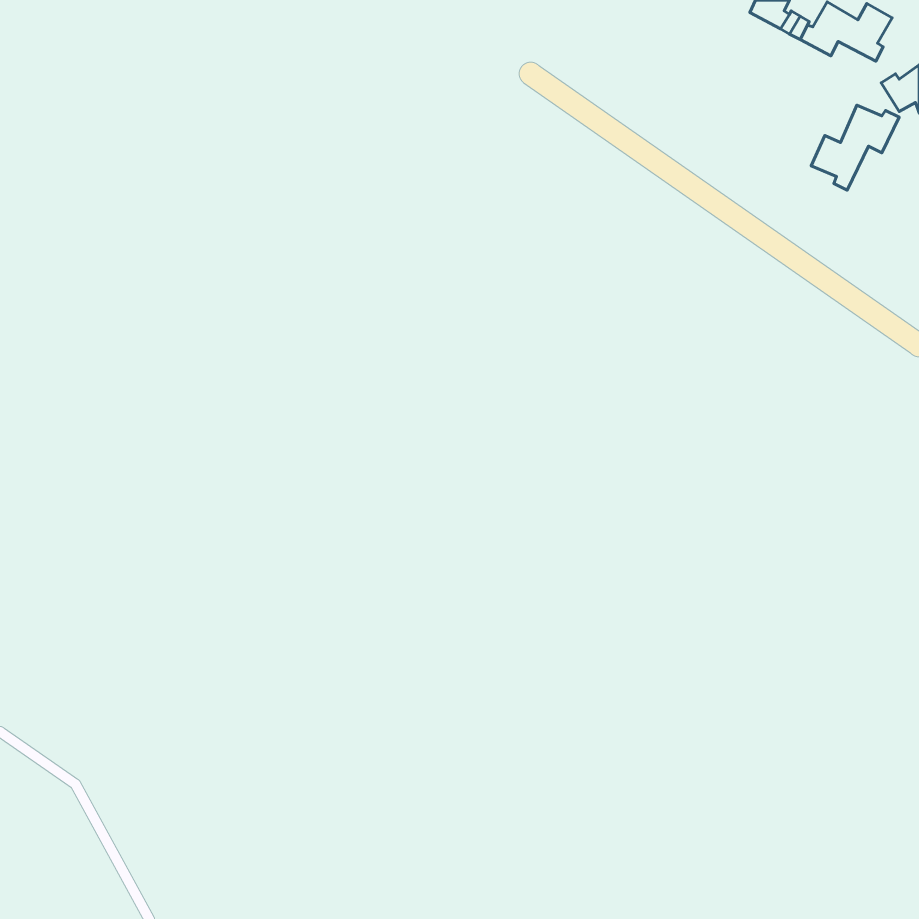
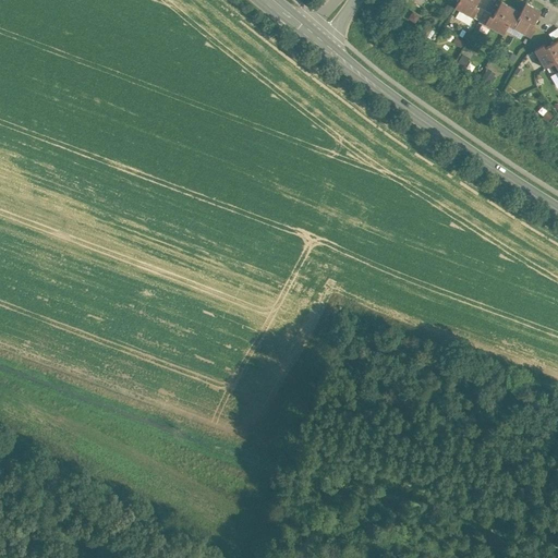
building: [811,105,899,190] -> none

